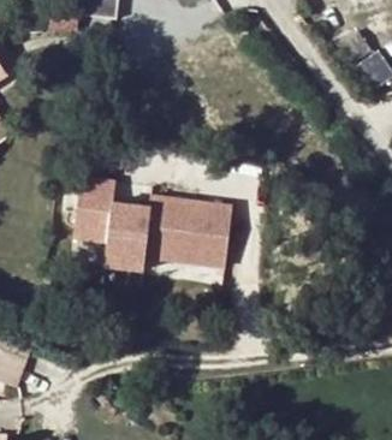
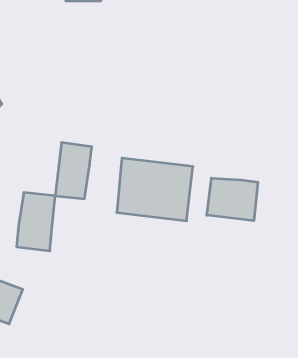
building: [103,203,148,270] -> [17,193,55,251]
building: none -> [207,178,258,221]

